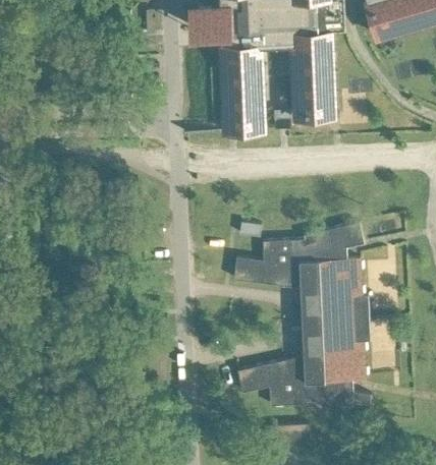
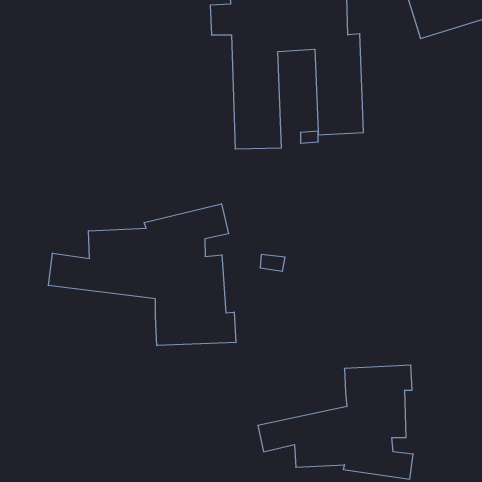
building: none -> [48,204,236,346]
building: [235,221,371,321] -> none

